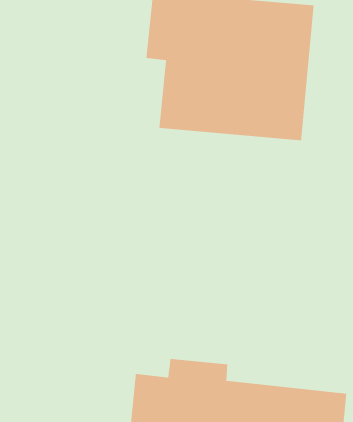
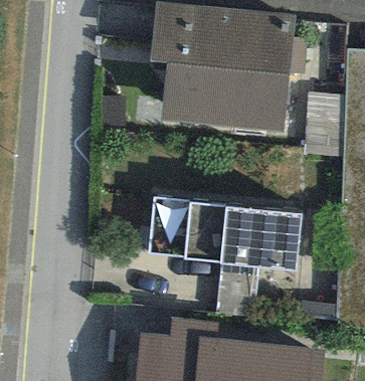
building: none -> [150,197,302,270]

